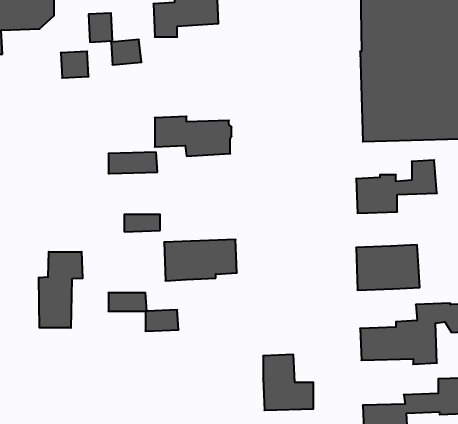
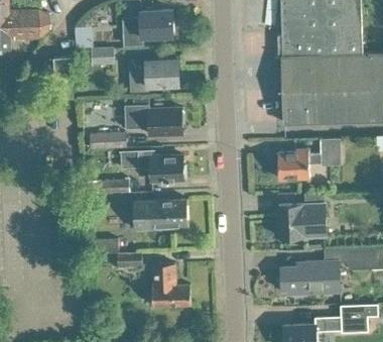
building: none -> [127,60,179,93]
building: none -> [121,151,186,182]
building: [39,252,83,328] -> none
building: [263,355,313,410] -> [152,264,190,307]

